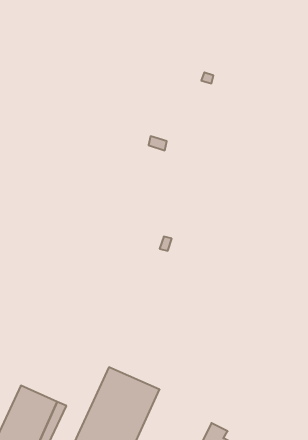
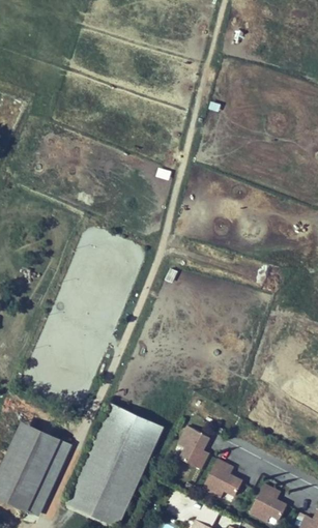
building: none -> [179,427,210,468]

